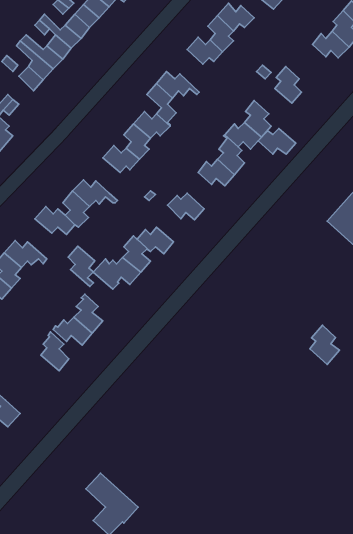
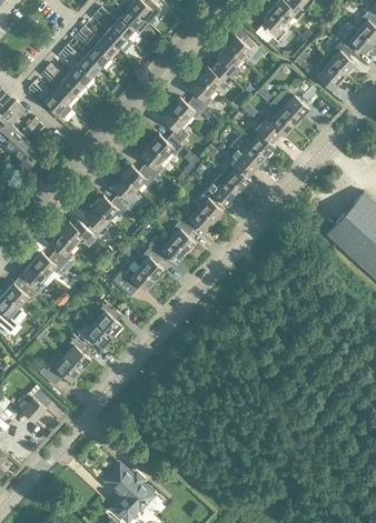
building: none -> [188,78,211,117]
building: [258,129,296,154] -> [258,113,293,137]
building: none -> [111,177,136,214]
building: none -> [197,190,222,223]
building: none -> [169,220,195,253]
building: [68,246,95,286] -> [49,232,73,269]
building: [310,325,339,365] -> none
building: none -> [39,356,80,384]

